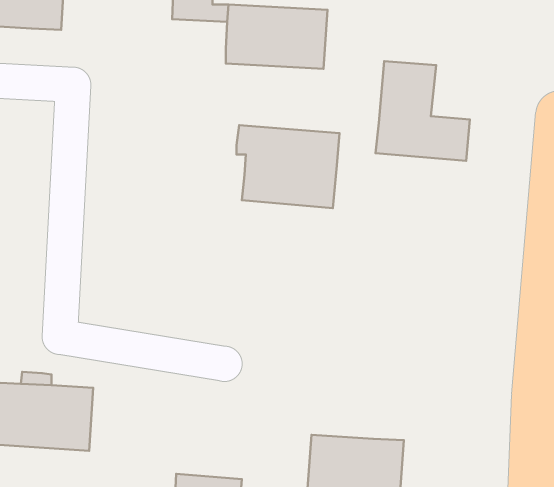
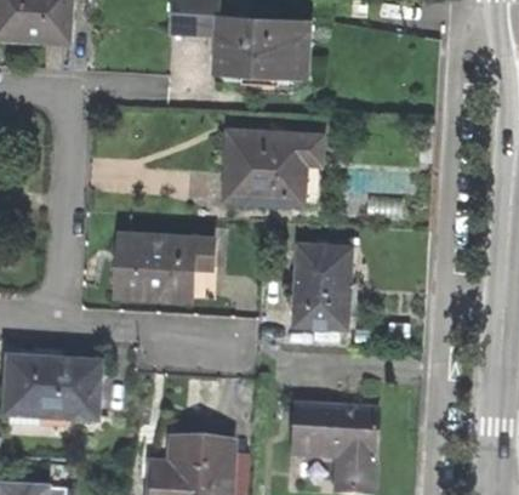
building: [375,61,470,161] -> none
building: none -> [120,234,217,298]
building: none -> [295,241,349,323]

